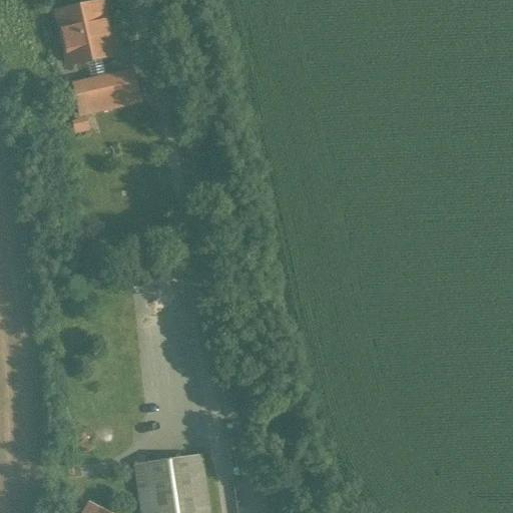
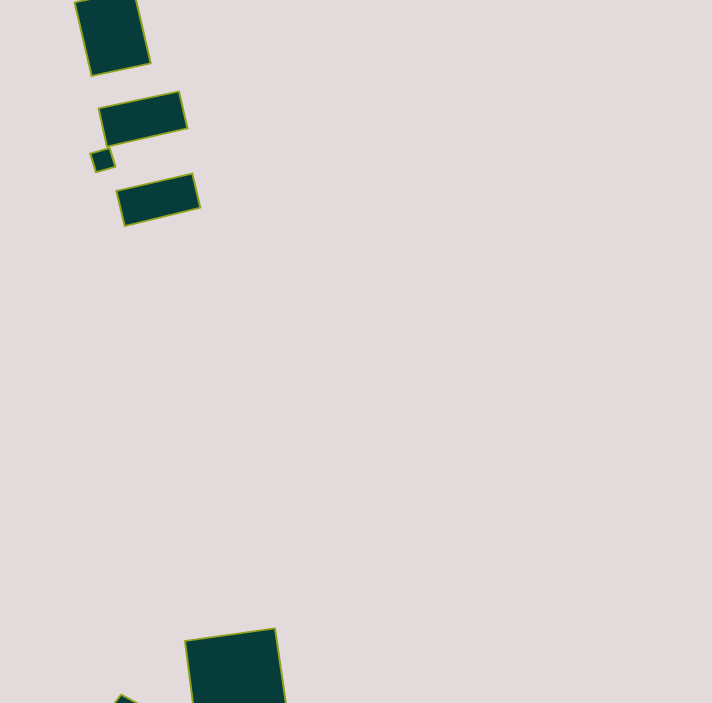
building: none -> [117,173,200,226]

